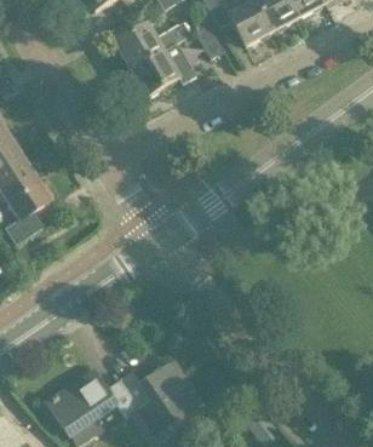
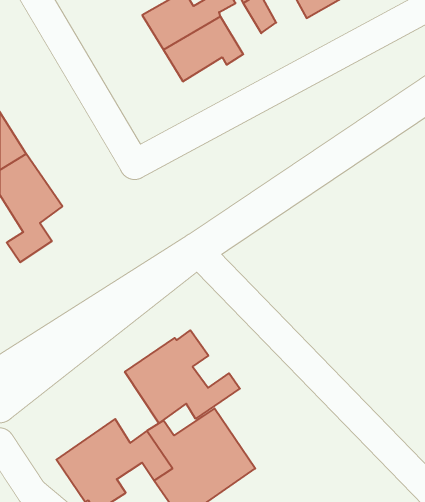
building: none -> [125,330,240,423]

